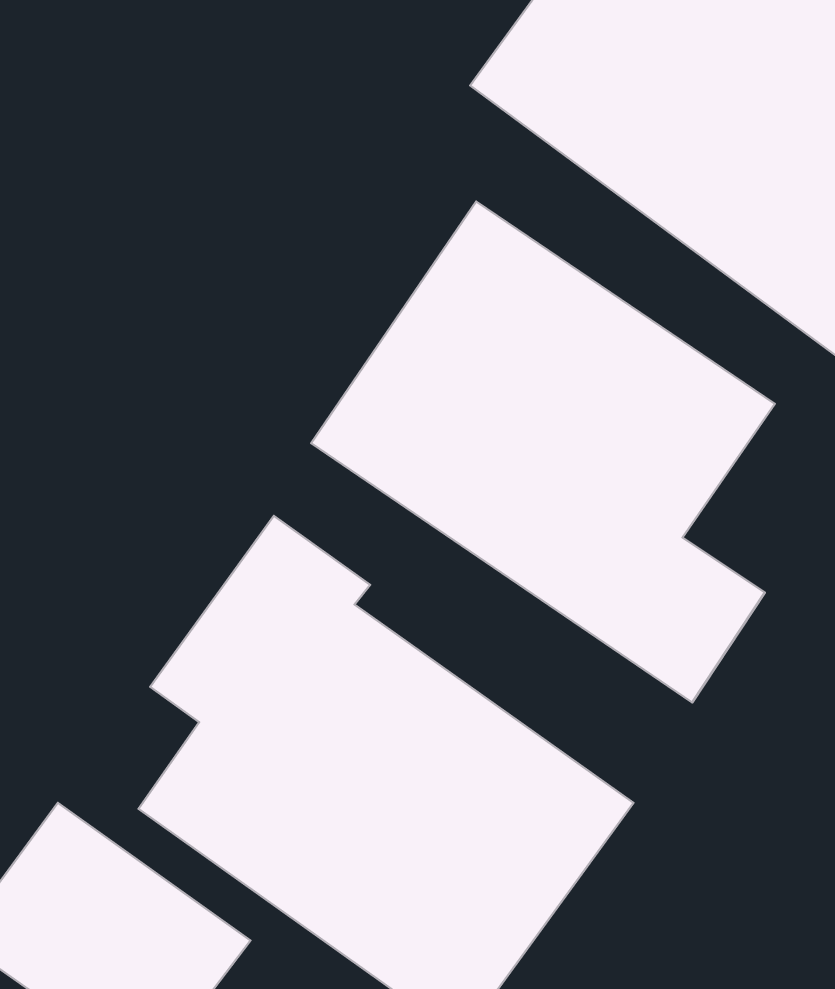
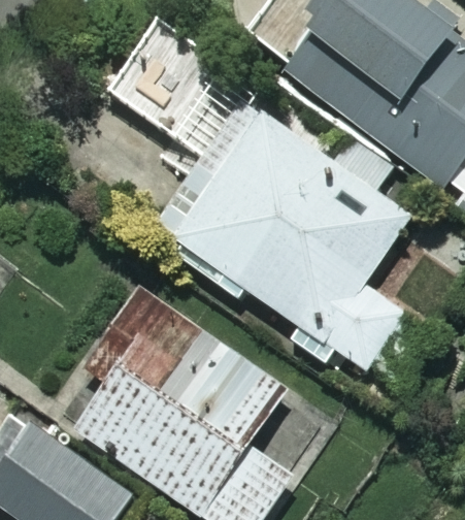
building: none -> [109,18,211,137]

